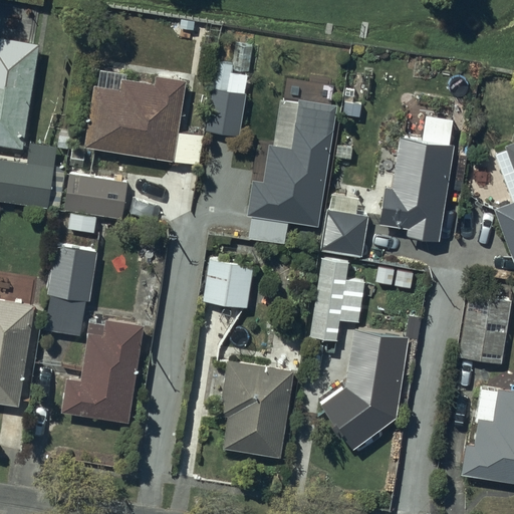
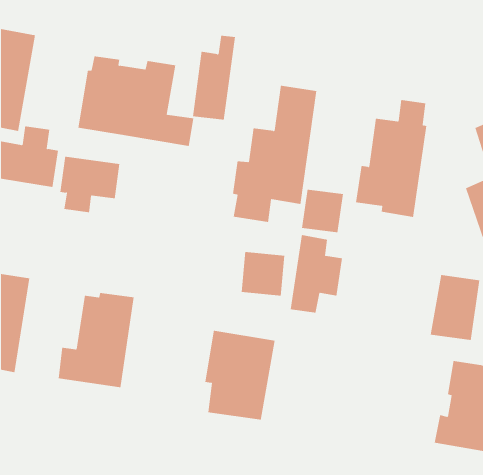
building: [44,252,97,340] -> none
building: [204,261,251,308] -> [241,252,285,296]
building: [318,334,408,455] -> none

